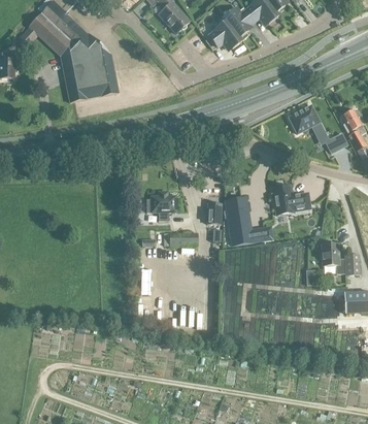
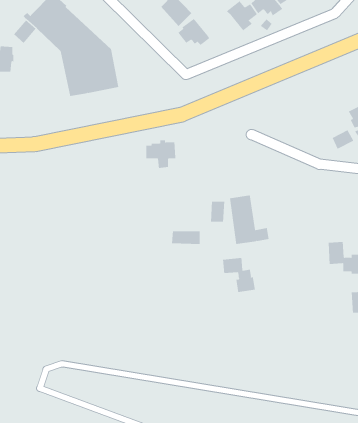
building: [209,21,241,47] -> [177,18,210,46]
building: [289,105,321,133] -> none
building: [271,186,310,215] -> none
building: [146,193,176,221] -> [146,140,176,168]
building: none -> [222,257,255,293]

